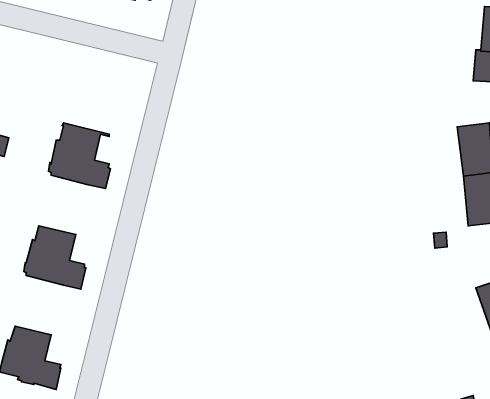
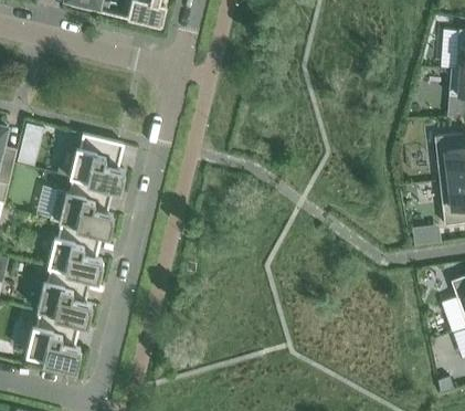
building: none -> [50,180,114,236]
building: none -> [36,270,92,326]

